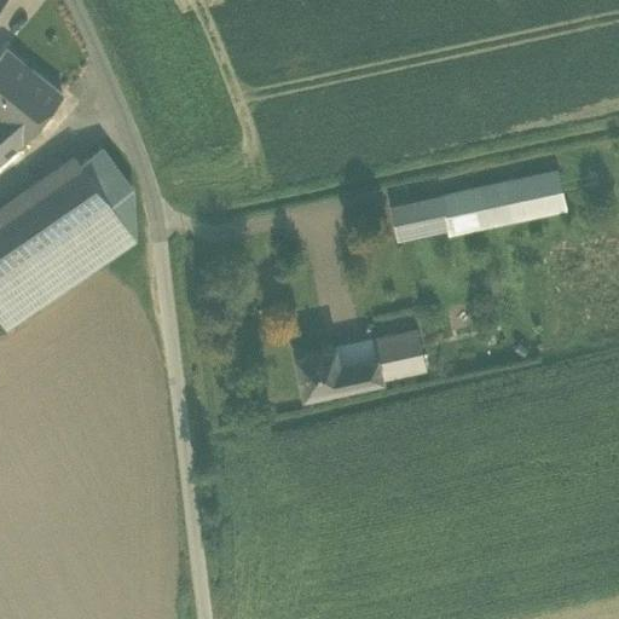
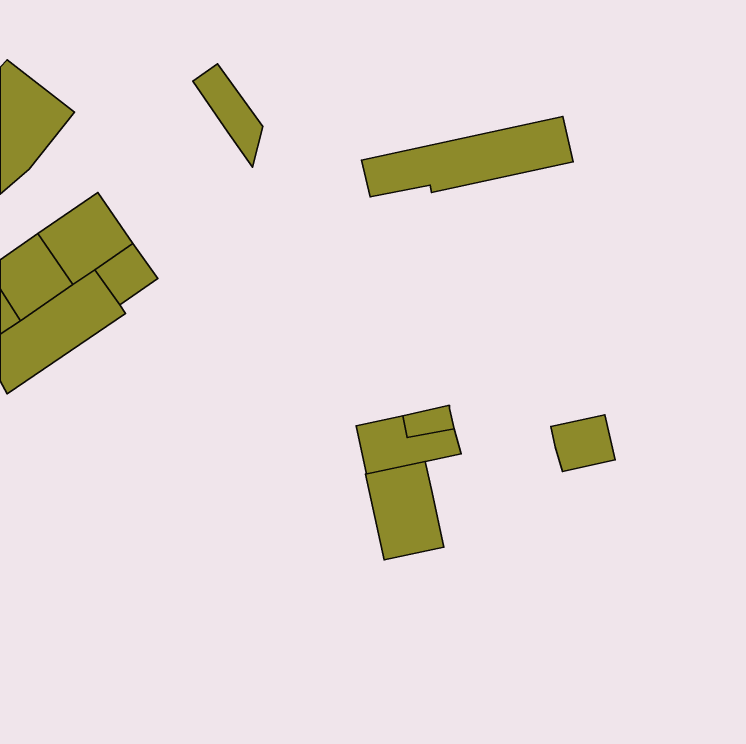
building: [81,146,139,232] -> [193,64,263,167]
building: [389,172,565,238] -> [361,117,573,197]
building: [372,330,426,377] -> [551,415,615,472]
building: none -> [366,461,444,560]

